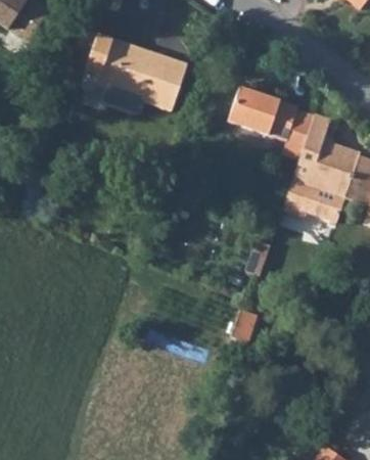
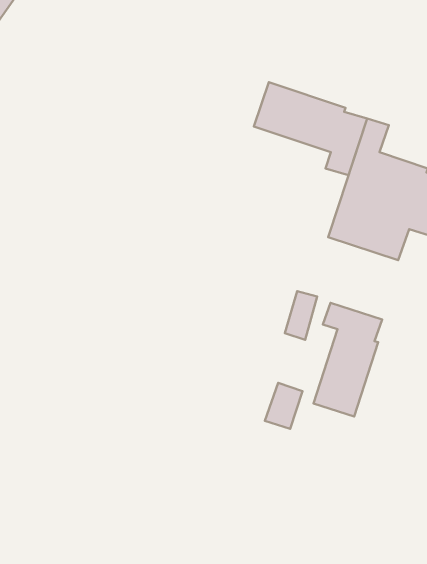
building: [88,34,189,110] -> none
building: none -> [314,303,382,416]

